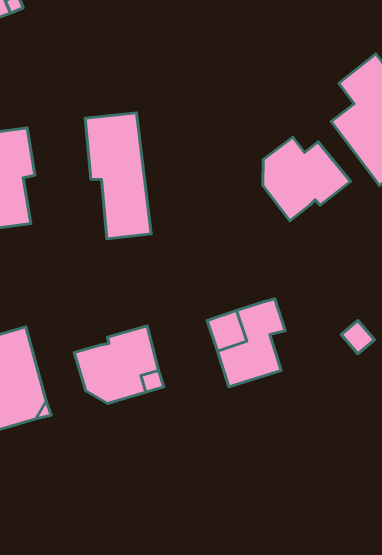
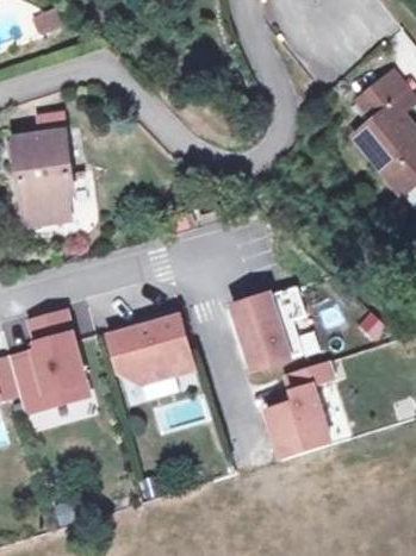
building: [85,113,151,239] -> none
building: [263,137,350,221] -> none
building: none -> [266,362,331,461]

